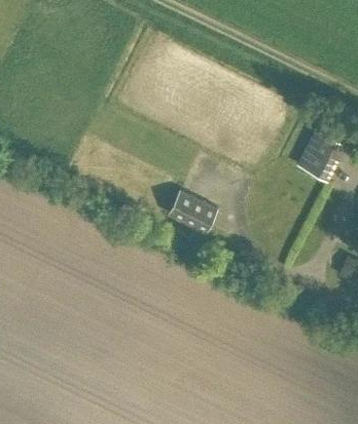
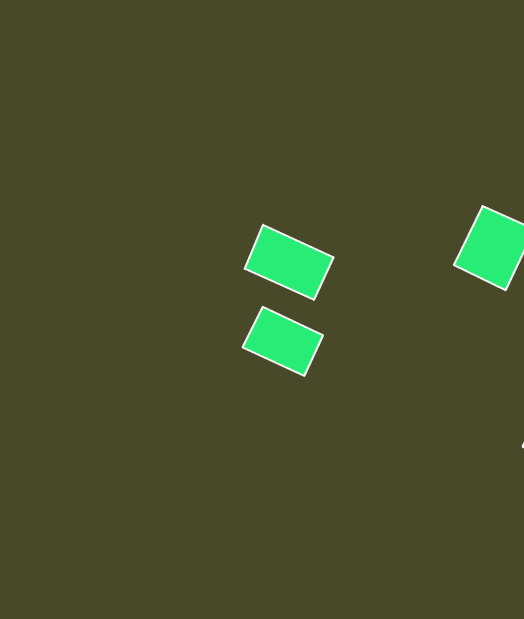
building: none -> [245,225,333,300]

